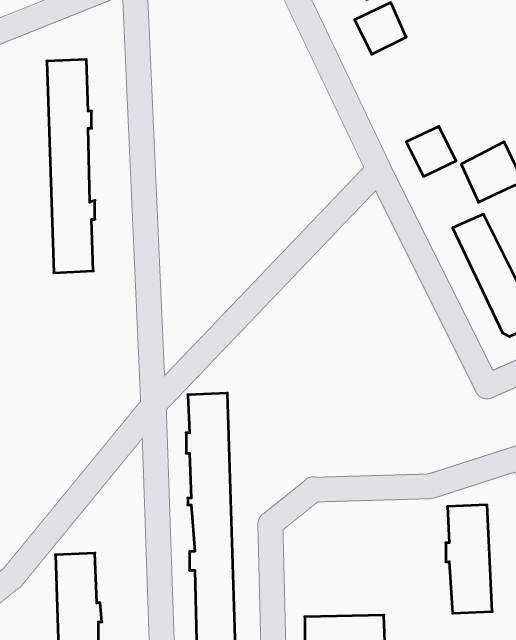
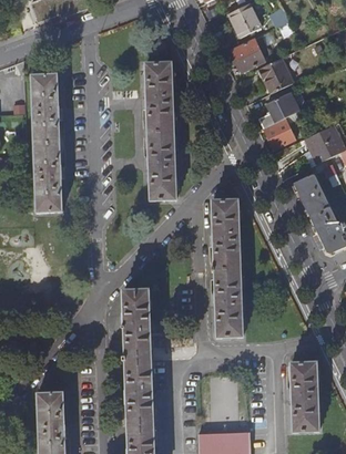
building: none -> [260,58,292,93]
building: none -> [144,62,175,199]
building: none -> [260,92,298,127]
building: none -> [211,199,243,337]

